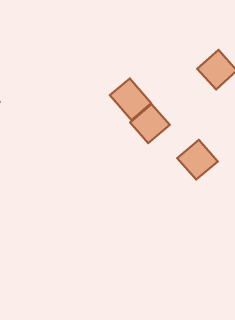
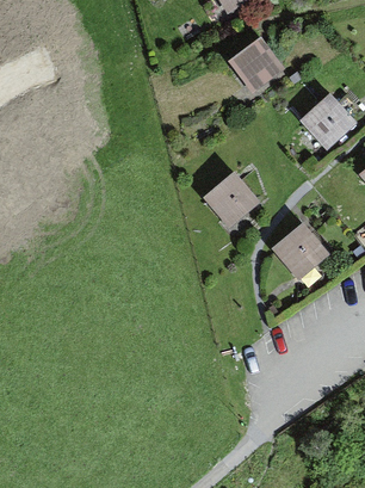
building: none -> [228,36,285,93]
building: [110,78,151,120] -> none

